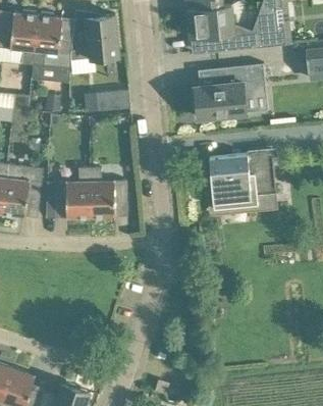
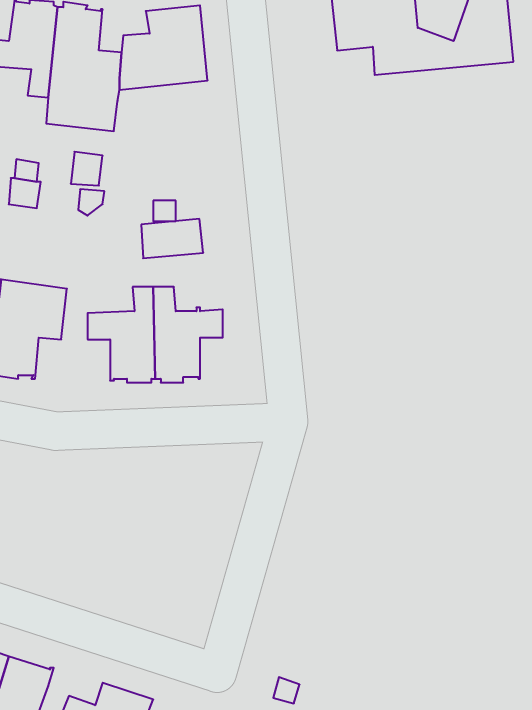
building: [194,62,266,117] -> none
building: [96,89,129,110] -> [141,219,203,258]
building: [206,151,273,211] -> none

